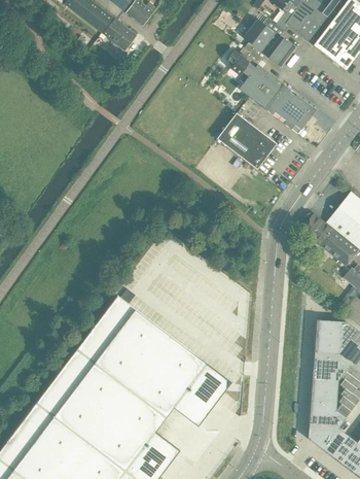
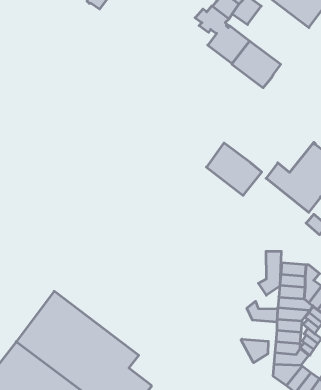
building: [217,113,276,169] -> [206,143,262,195]
building: [76,296,226,425] -> none
building: none -> [258,251,281,295]
building: none -> [247,301,277,322]
building: none -> [241,339,268,363]

